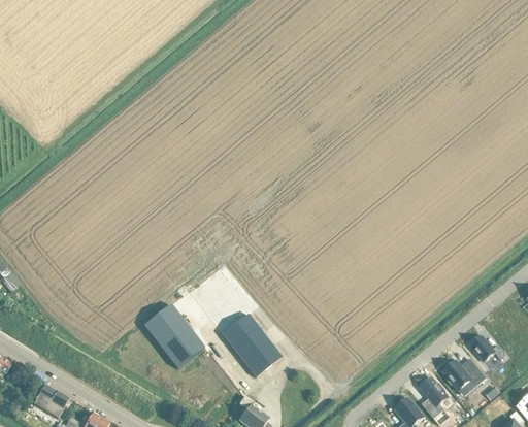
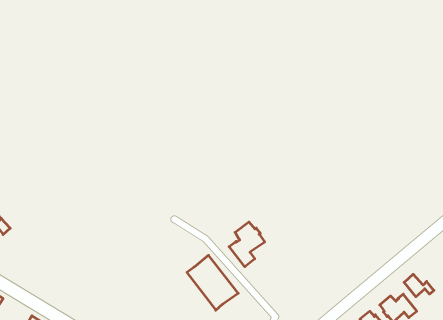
building: none -> [229,222,265,267]
building: [144,303,204,367] -> none

